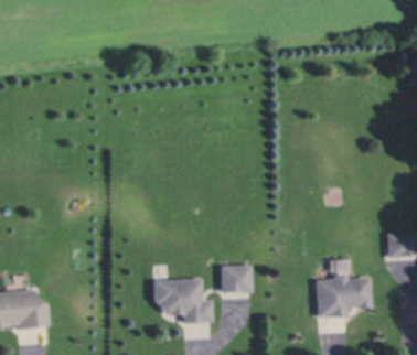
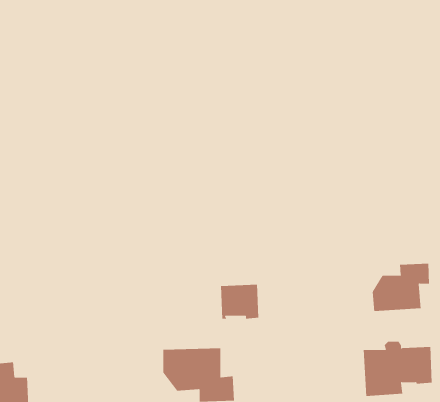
building: none -> [372,263,429,312]
building: [221,265,252,292] -> [220,284,259,319]

